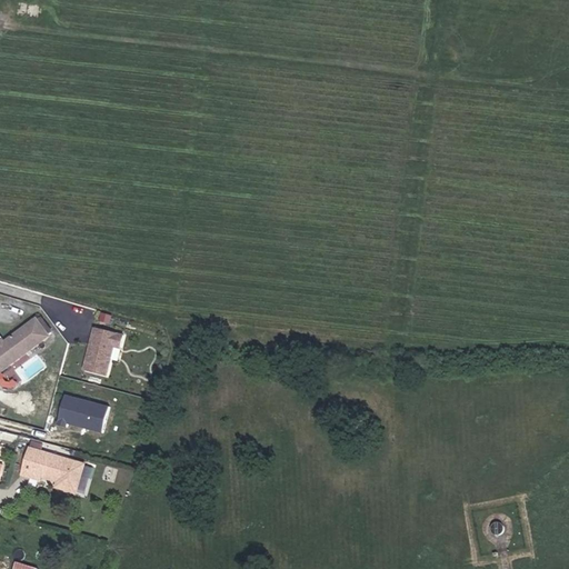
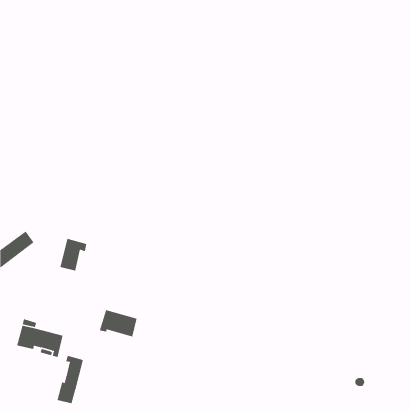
building: [57,393,110,432] -> [99,309,138,337]
building: none -> [56,355,84,404]

